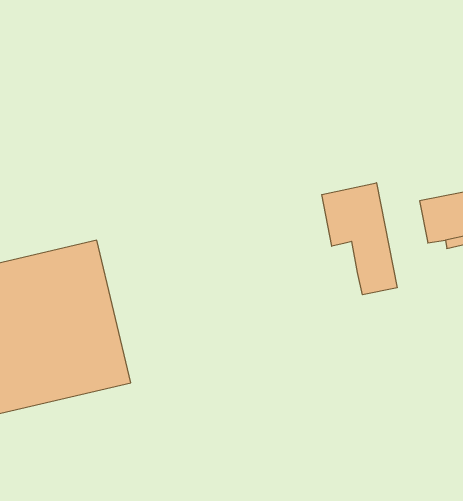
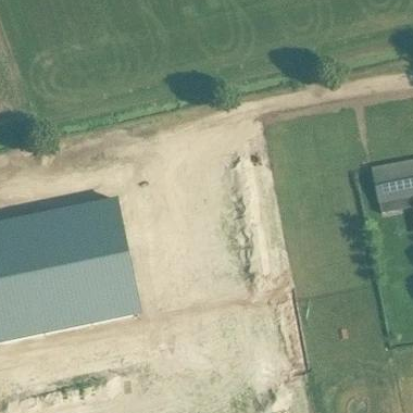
building: [322,183,397,295] -> none

